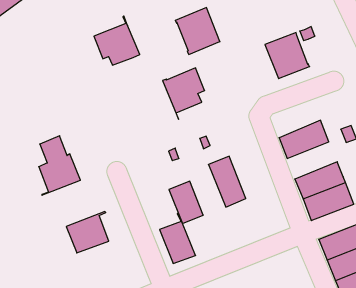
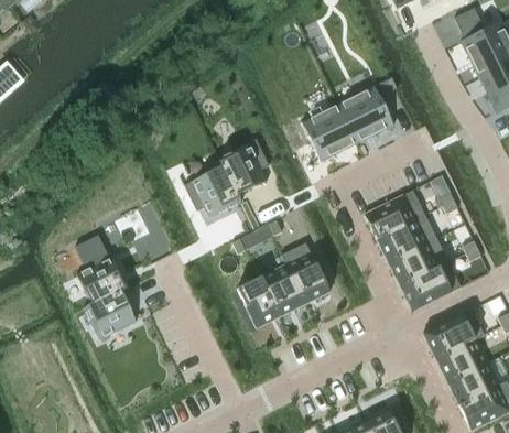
building: [175,8,220,54] -> [301,104,357,162]
building: [94,16,140,65] -> [183,158,240,218]
building: none -> [376,215,436,263]
building: [66,212,109,253] -> [83,286,136,339]
building: [160,213,196,263] -> [260,255,306,316]

